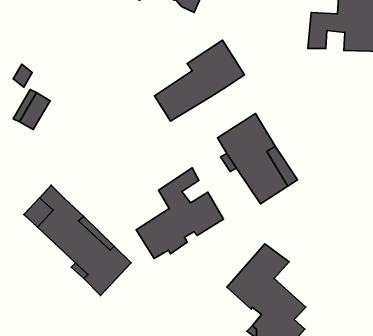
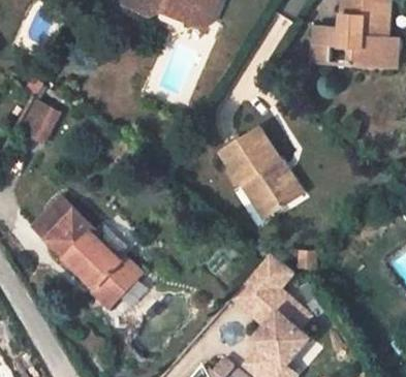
building: [155,40,245,121] -> none
building: [136,168,223,259] -> none

